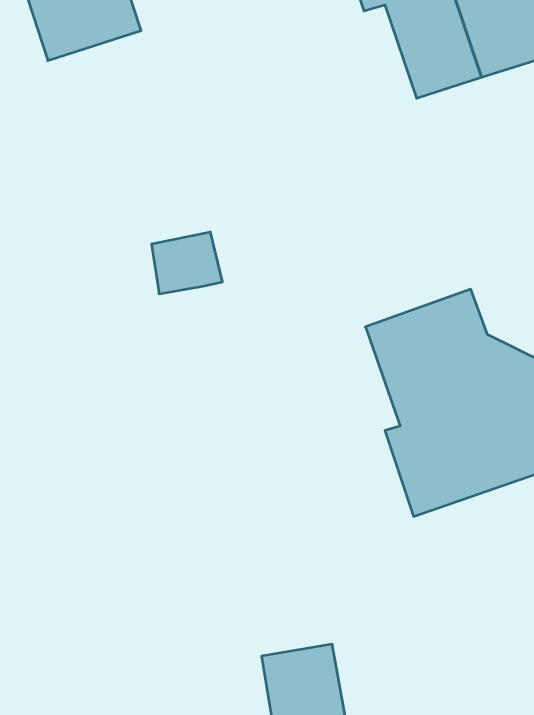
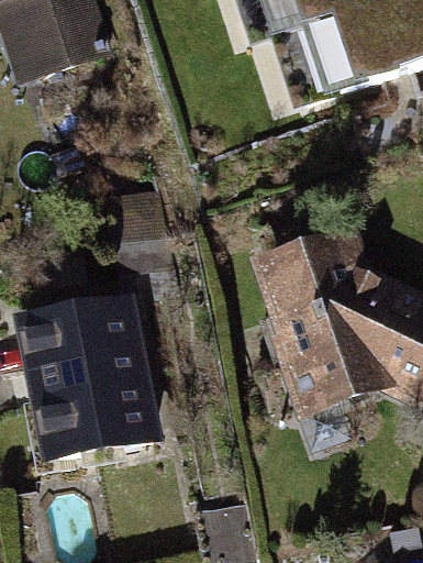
building: none -> [21,303,151,457]

